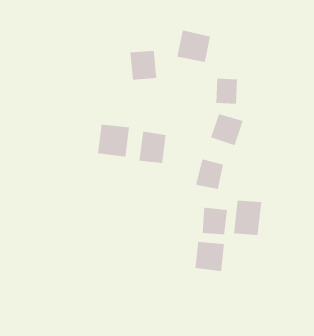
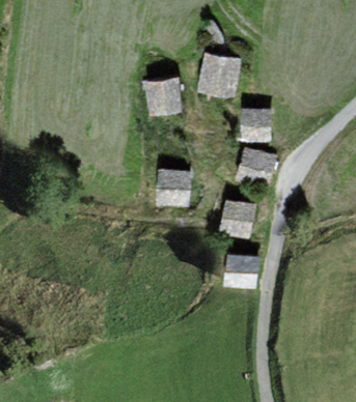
building: [98,124,130,158] -> none
building: [233,200,262,236] -> none
building: [195,241,225,272] -> none

